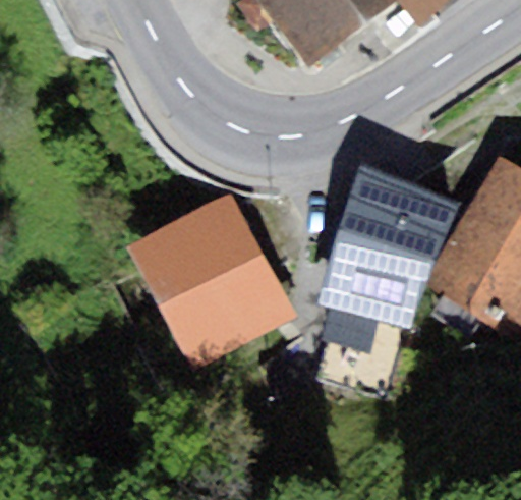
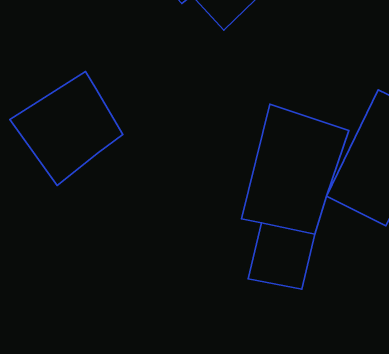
building: none -> [10,71,123,186]
building: [126,191,295,370] -> none

